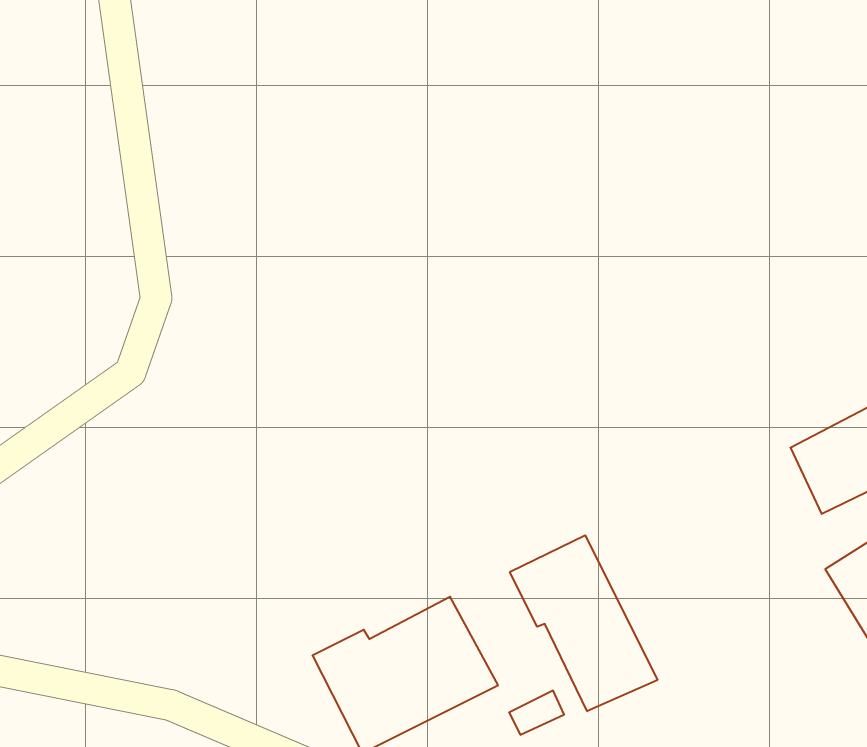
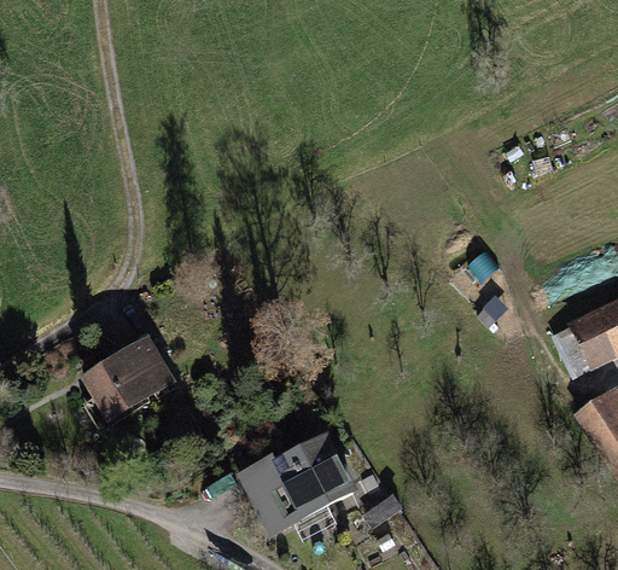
building: none -> [81,335,179,423]
building: [510,535,657,711] -> none

